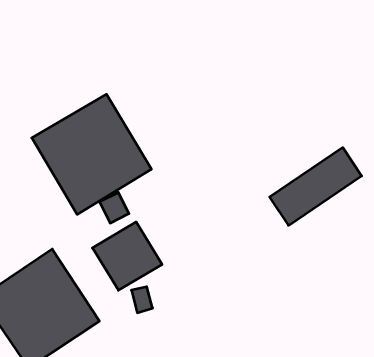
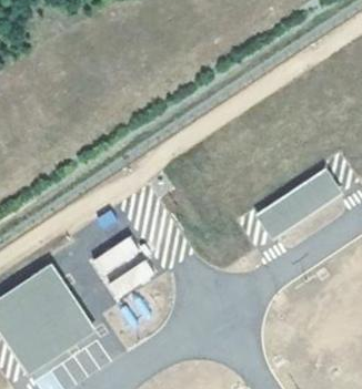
building: [32,94,151,214] -> none

